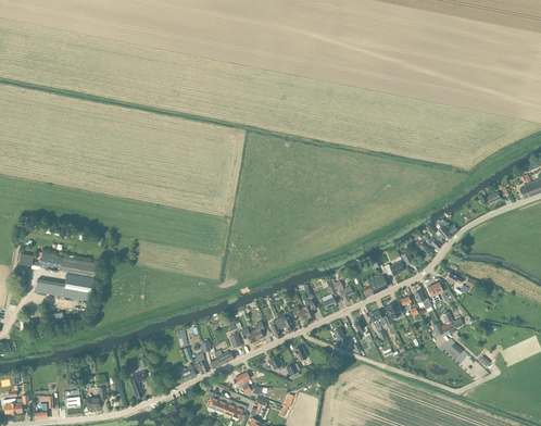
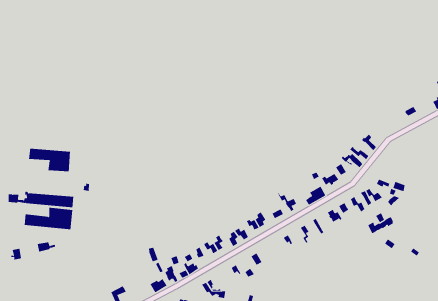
building: none -> [29,148,71,172]

